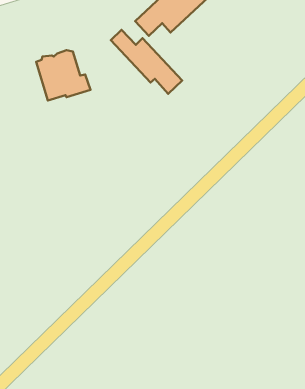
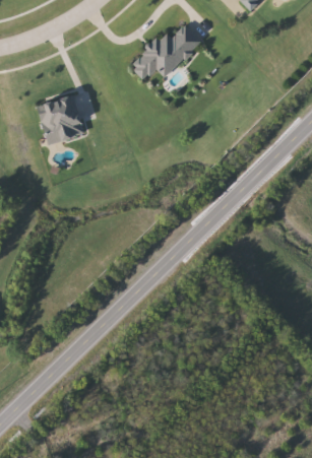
building: [111,30,182,94] -> none

